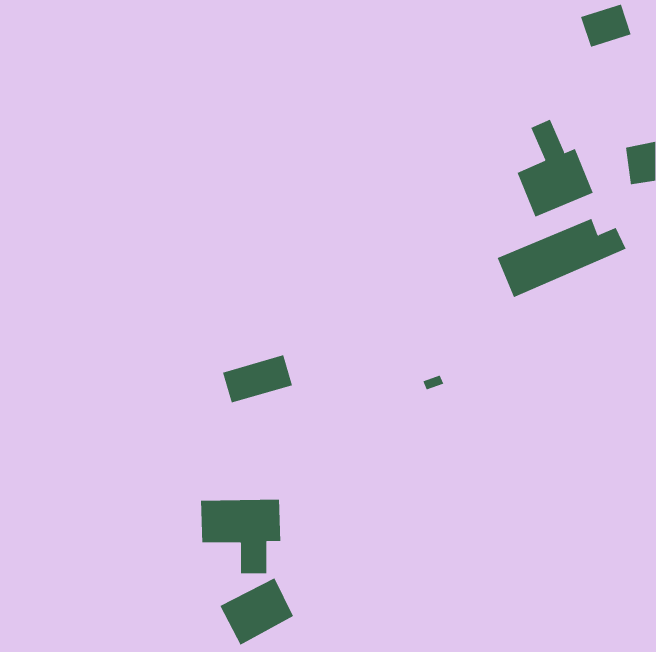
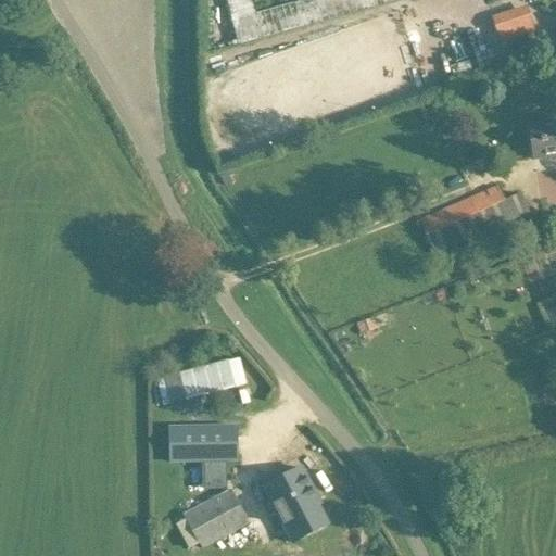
building: [517,119,593,217] -> none
building: [222,355,293,403] -> [178,355,238,396]
building: none -> [265,466,328,541]

